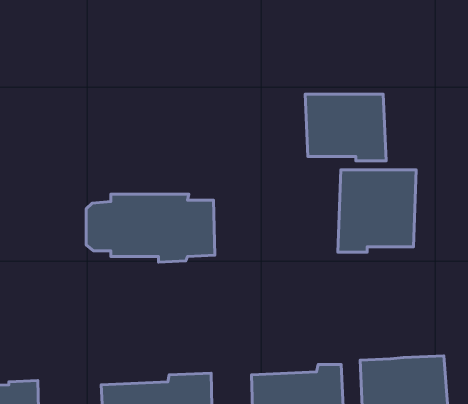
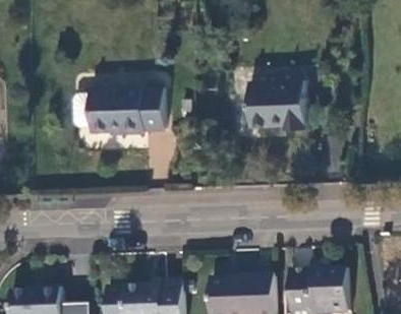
building: [338,170,416,252] -> none
building: [86,194,215,262] -> [72,86,163,134]

